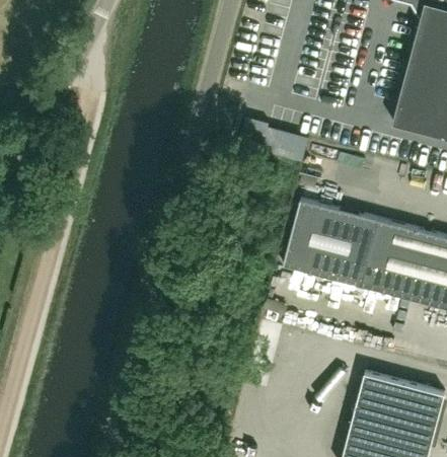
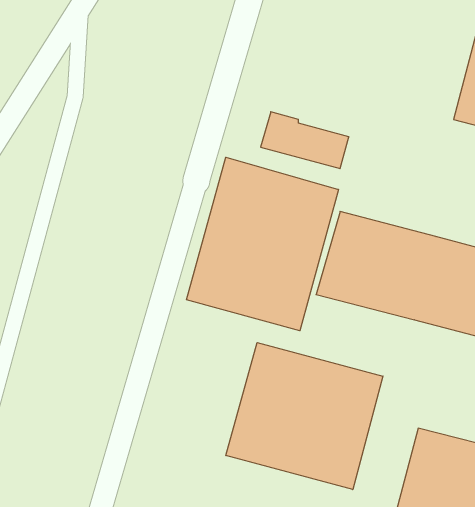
building: none -> [187,157,338,331]
building: none -> [226,343,383,490]

